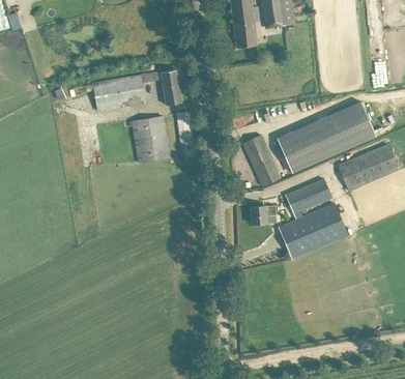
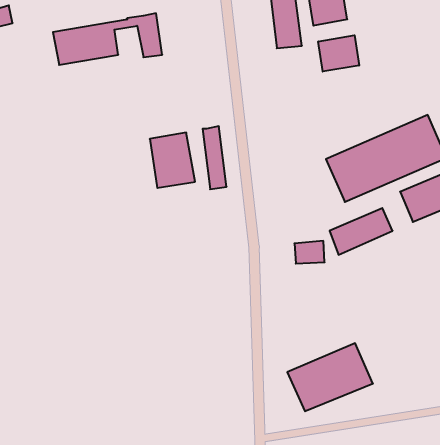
building: none -> [318,35,359,72]
building: [91,68,181,111] -> [53,13,162,65]
building: [242,135,281,185] -> none
building: [278,203,348,259] -> [287,343,373,411]

